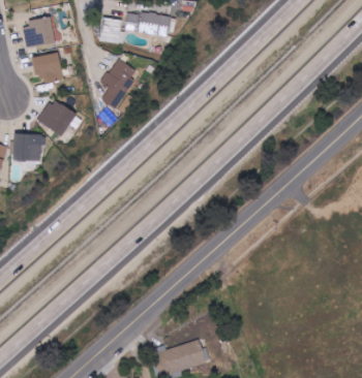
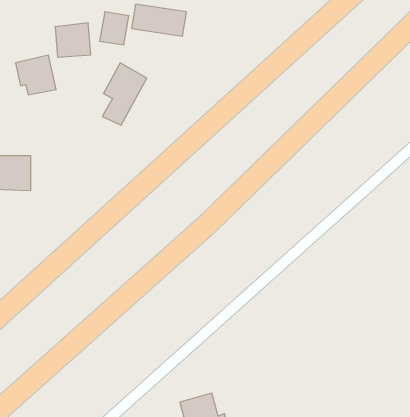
building: [25,18,54,45] -> [55,23,91,57]
building: [36,98,77,137] -> none

